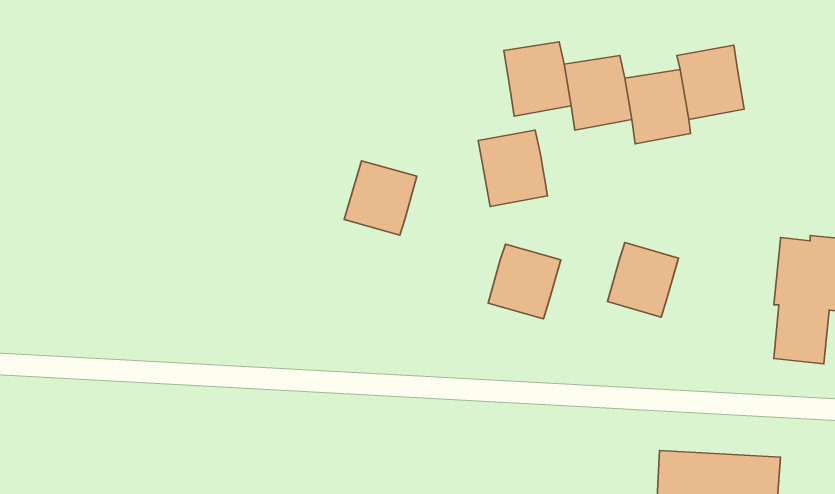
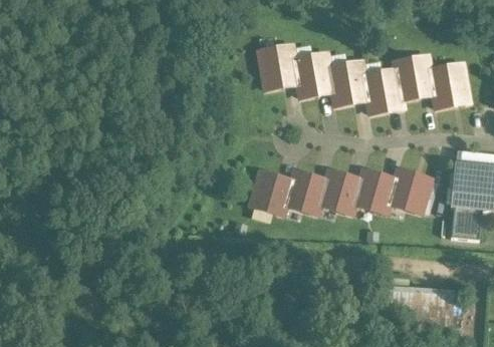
building: none -> [430,63,470,106]
building: [478,130,547,206] -> [258,44,298,88]
building: [344,161,417,235] -> [250,170,292,214]
building: none -> [389,168,432,212]
building: none -> [320,169,361,213]

